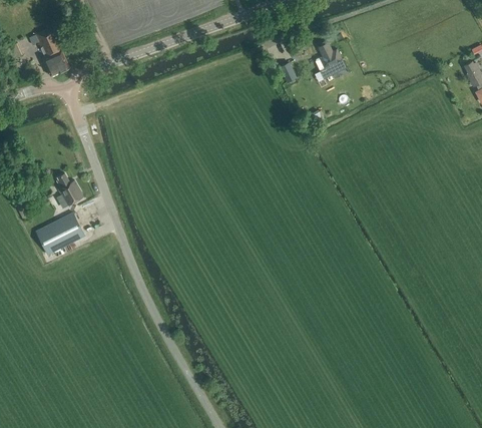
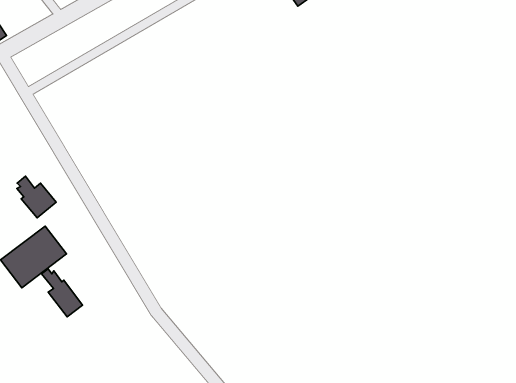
building: none -> [41,269,83,317]

